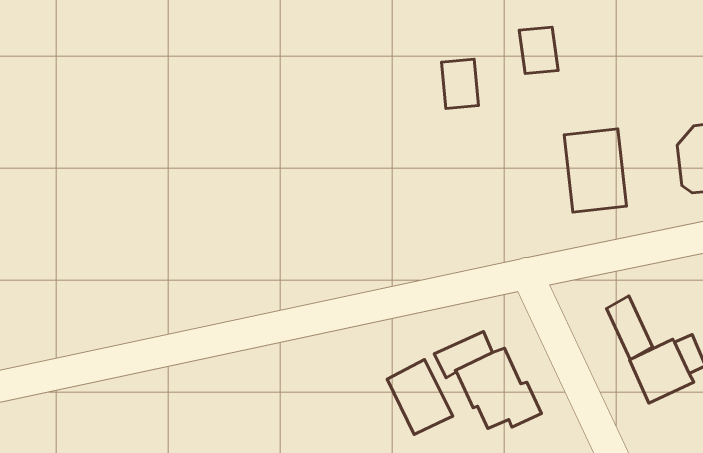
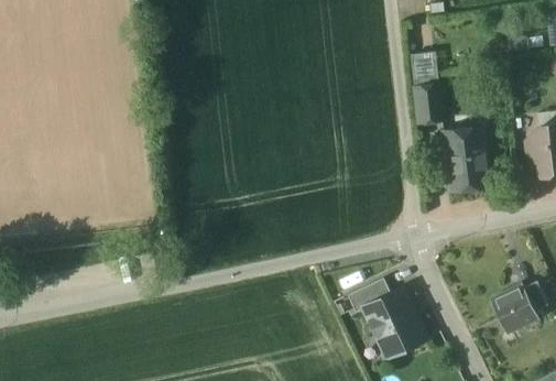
building: [441,59,479,109] -> [414,86,441,122]
building: [606,296,653,360] -> none
building: [387,360,453,435] -> none

